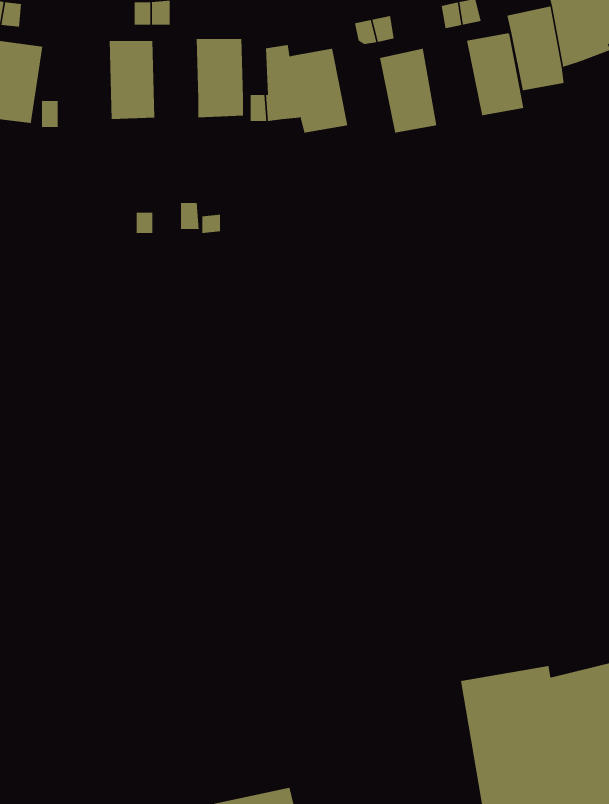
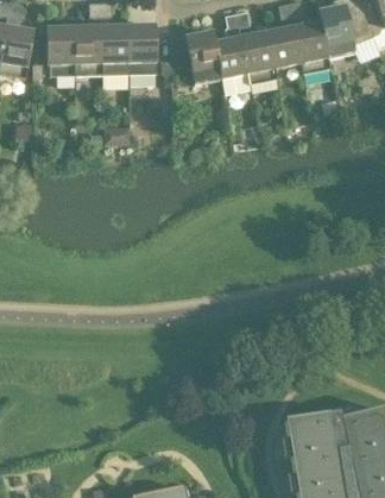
building: none -> [100,25,127,74]
building: none -> [44,26,74,75]
building: none -> [266,26,302,78]
building: none -> [210,31,248,89]

